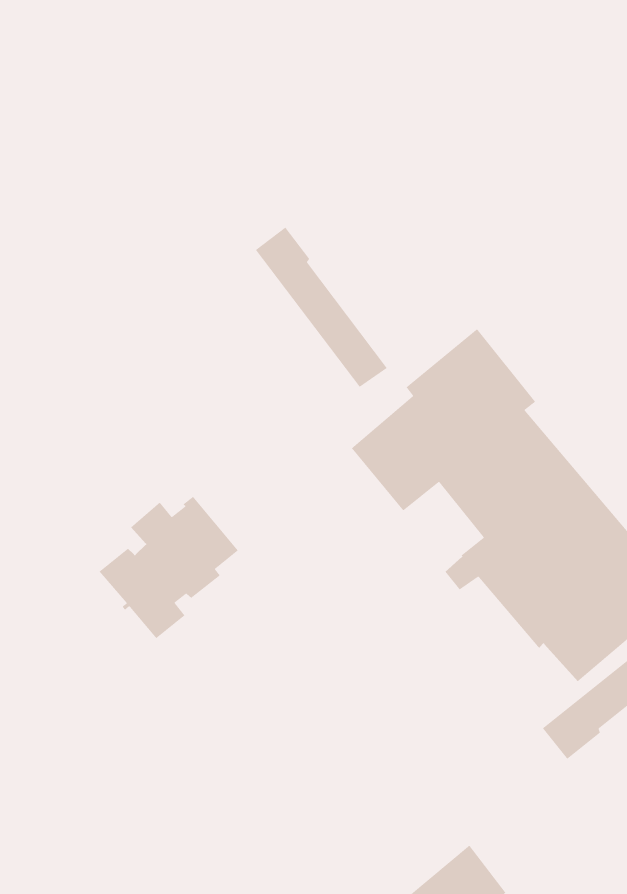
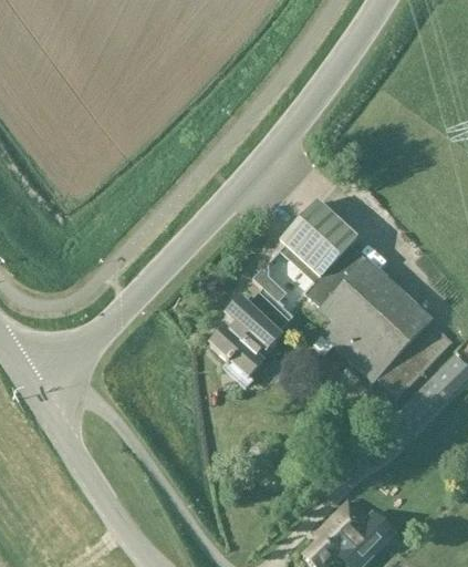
building: [255,226,388,388] -> none
building: [99,496,239,639] -> [211,291,291,377]

